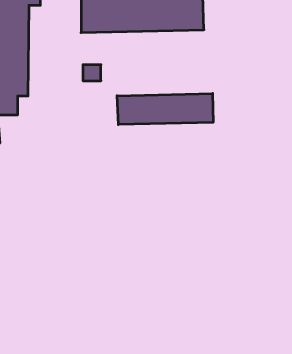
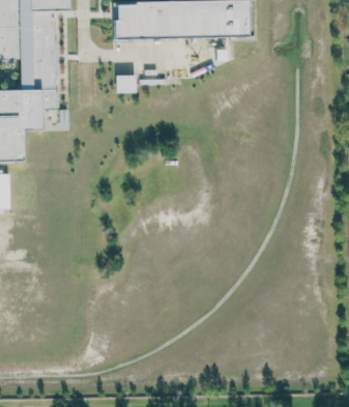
building: [117,93,213,125] -> none

